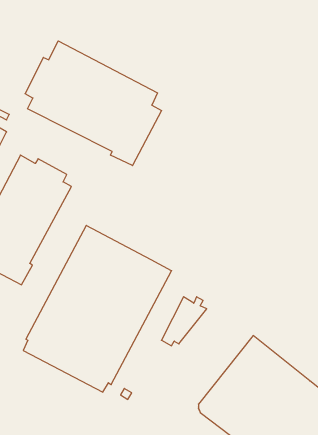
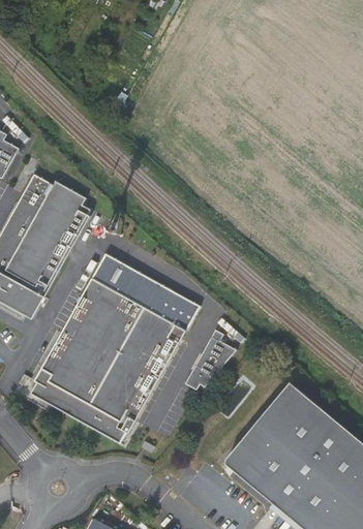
building: [25,41,162,166] -> none

